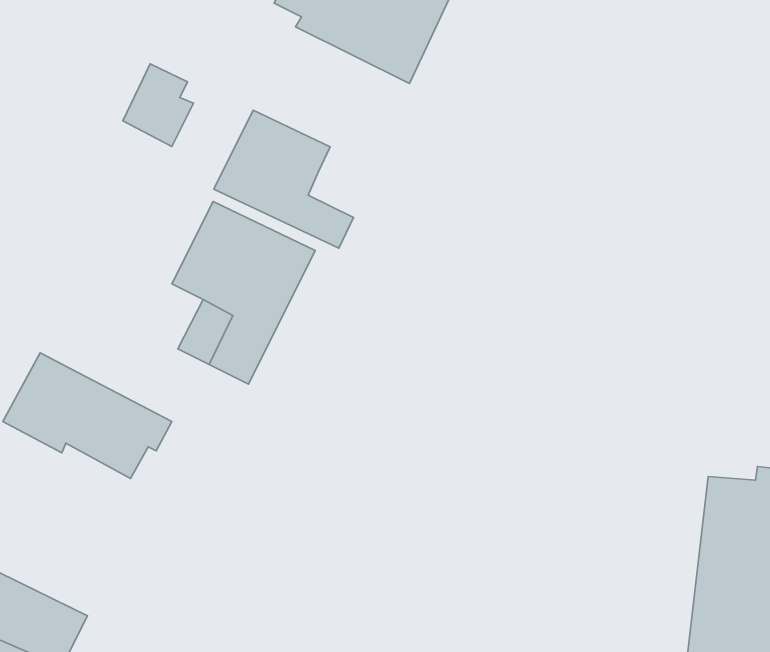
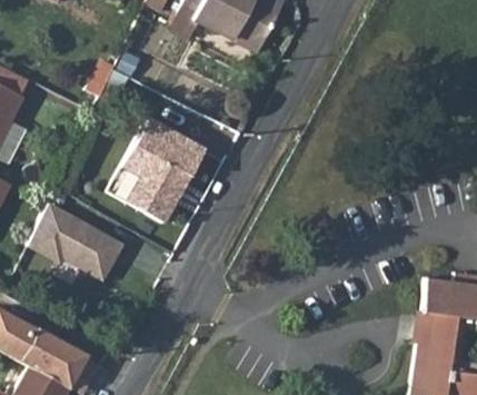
building: [214,110,353,248] -> none

